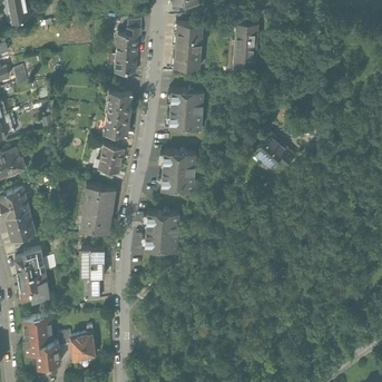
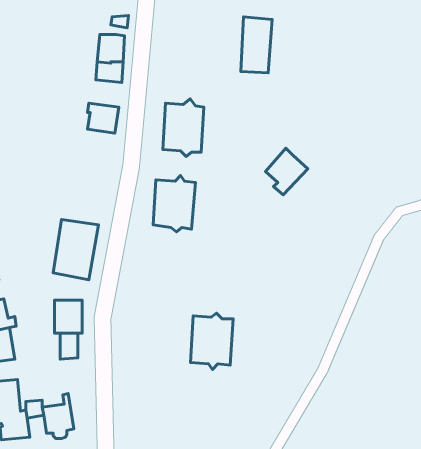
building: [174,25,203,71] -> none
building: [104,114,130,138] -> none
building: [98,148,125,178] -> none
building: [145,212,179,257] -> [191,313,233,369]

